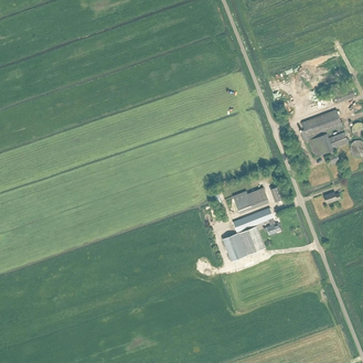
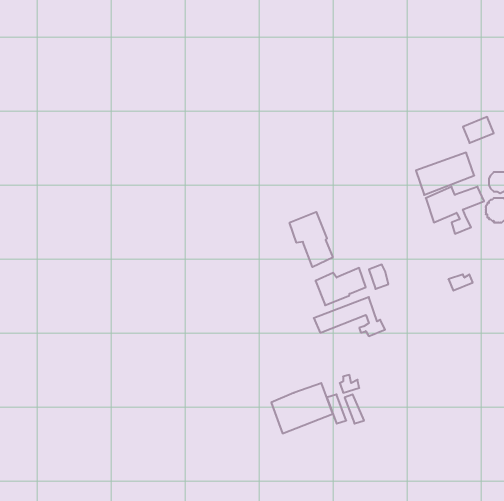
building: none -> [290,212,333,267]
building: [223,226,265,260] -> [271,383,333,433]

